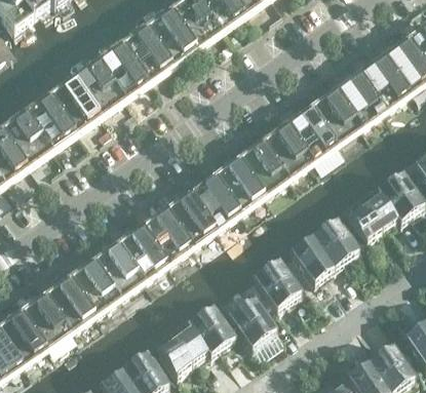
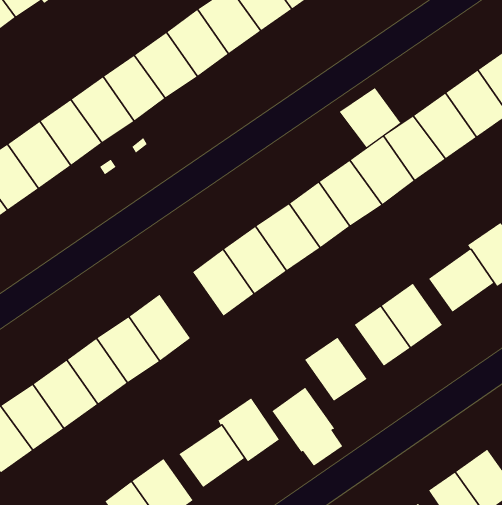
building: none -> [339,87,401,148]
building: [144,207,192,258] -> none

